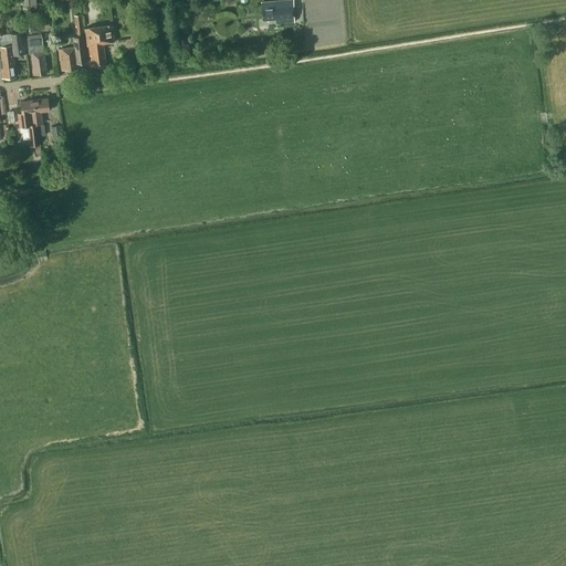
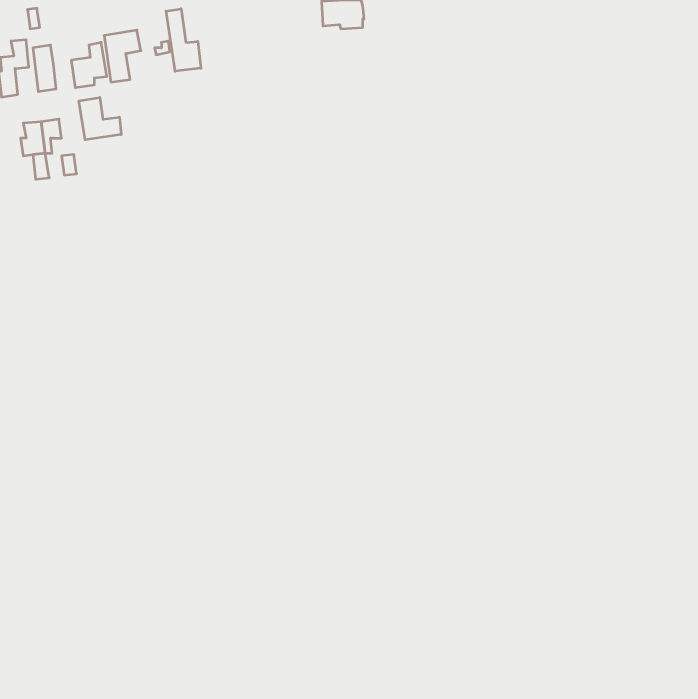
building: none -> [166,9,201,71]
building: none -> [79,97,121,140]

